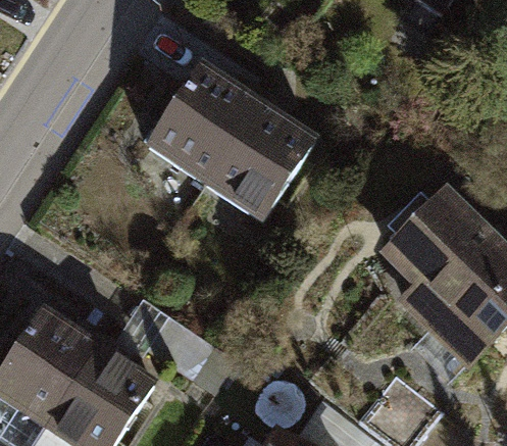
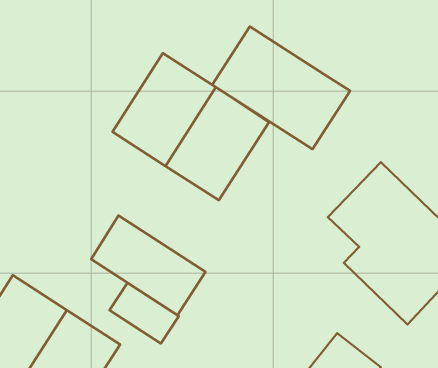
building: none -> [212,26,350,149]
building: none -> [91,215,205,315]

